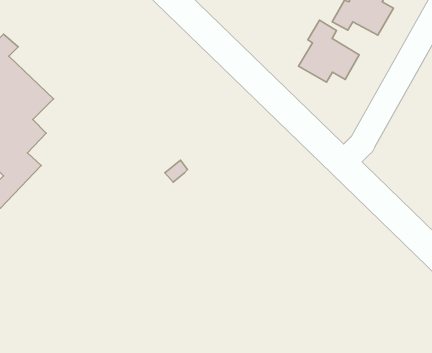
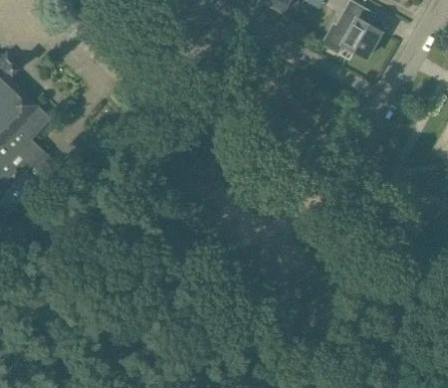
building: [298,20,359,82] -> none

